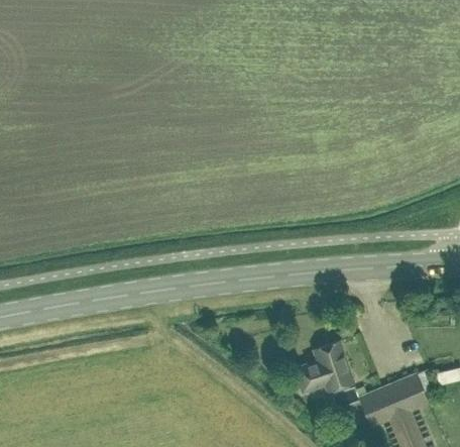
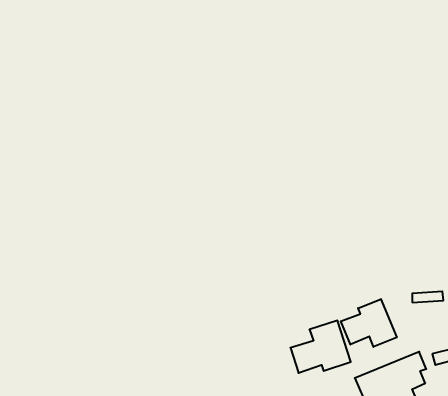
building: none -> [341,299,397,347]

